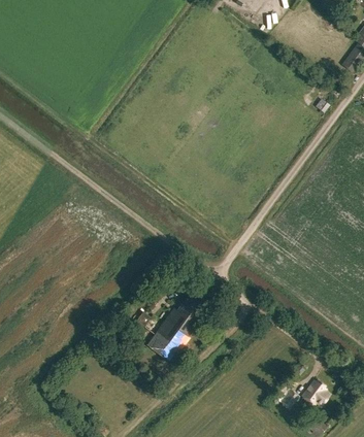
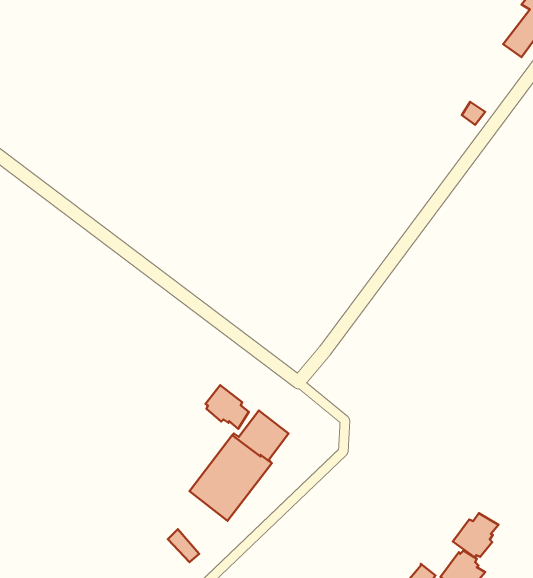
building: none -> [206,385,249,429]
building: none -> [453,513,498,558]

